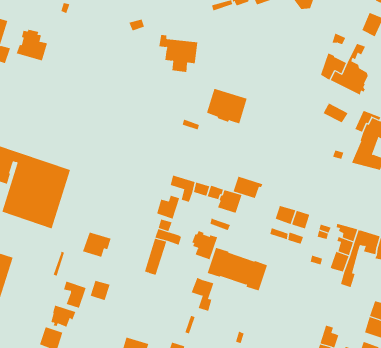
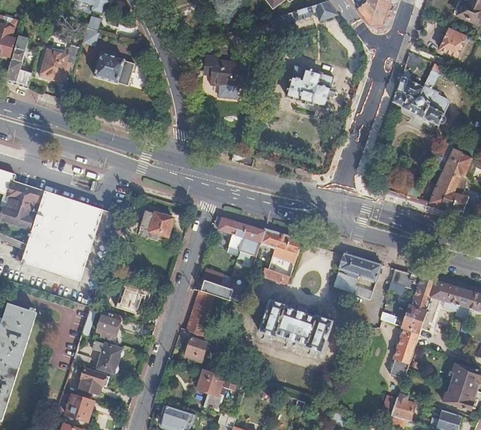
building: none -> [94,49,144,86]
building: [206,88,247,124] -> [287,66,335,108]
building: [323,103,348,123] -> none
building: none -> [140,210,172,235]
building: [233,176,263,199] -> none
building: [156,195,180,220] -> none
building: [191,230,218,260] -> none
building: none -> [392,326,419,377]
building: none -> [184,331,209,361]
building: [191,277,214,312] -> [197,368,224,408]
building: [90,280,110,301] -> [96,312,120,336]

